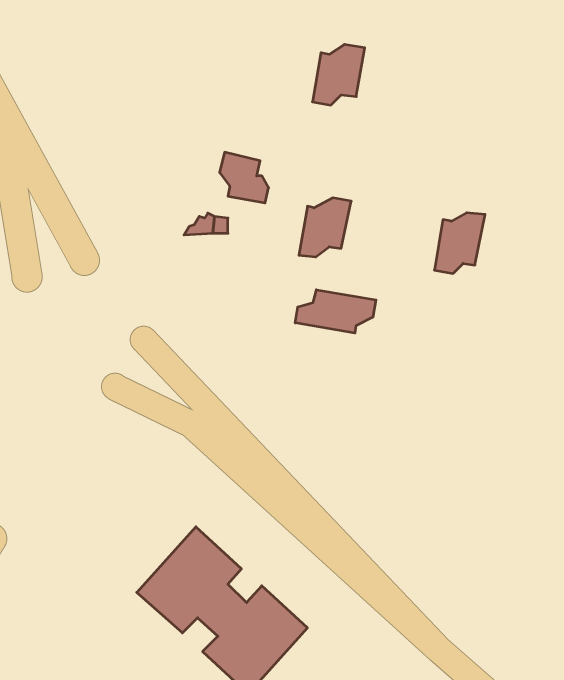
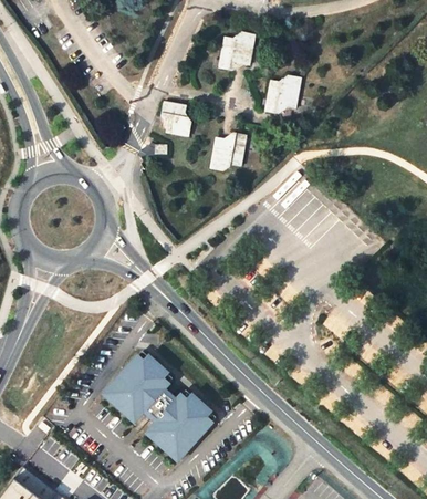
building: [434,213,485,273] -> [264,77,298,117]
building: [295,290,376,333] -> none

